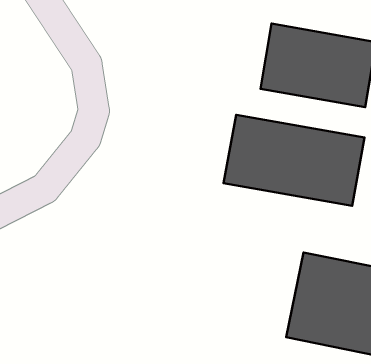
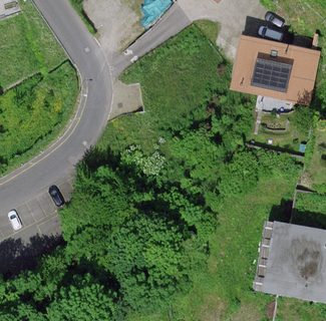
building: [224,115,365,206] -> none

